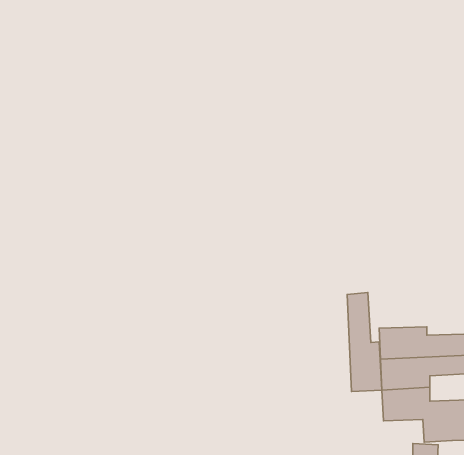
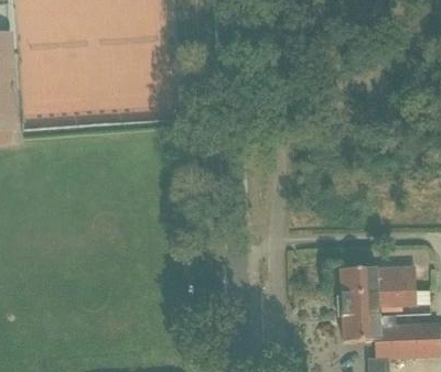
building: [347,293,382,392] -> none

